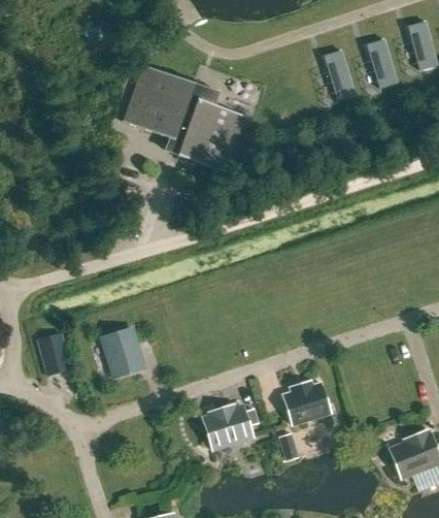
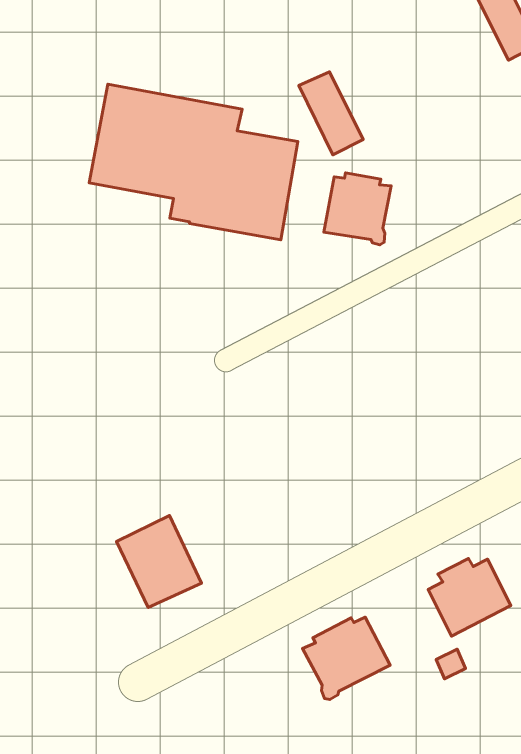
building: [324,51,357,100] -> [299,72,363,155]
building: none -> [324,173,391,245]
building: [36,333,69,376] -> none

